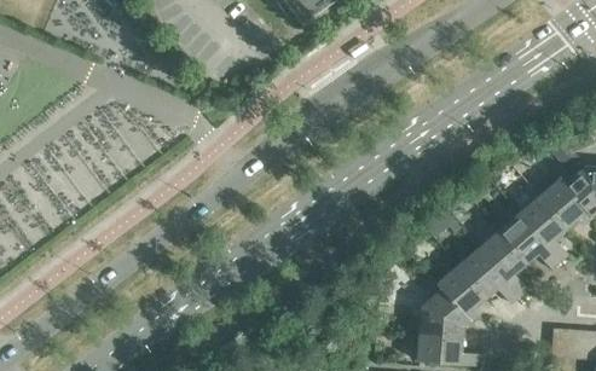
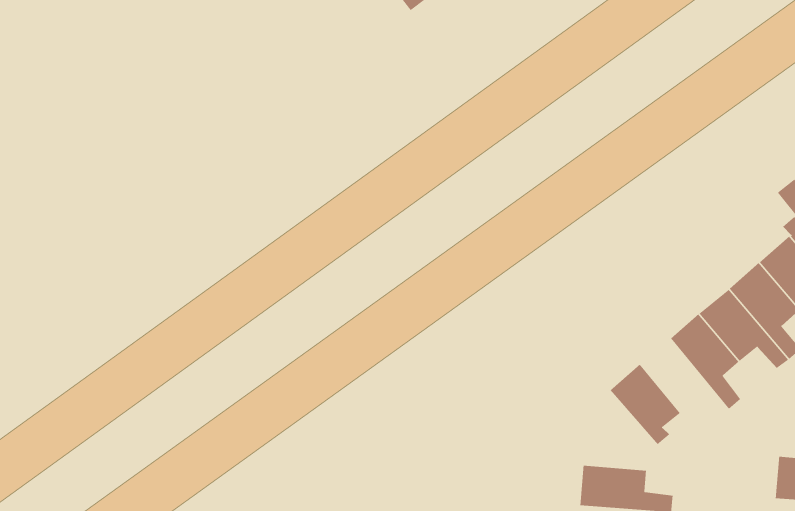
building: [458,248,519,303] -> none
building: [419,277,470,337] -> none

